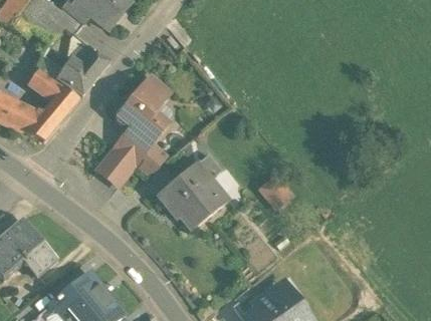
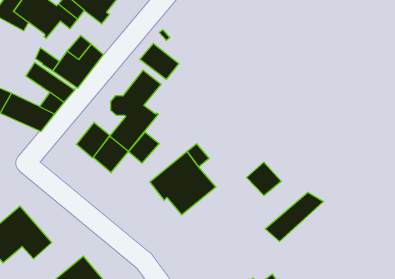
building: none -> [140,43,179,79]
building: none -> [76,122,110,158]
building: none -> [265,192,324,241]

